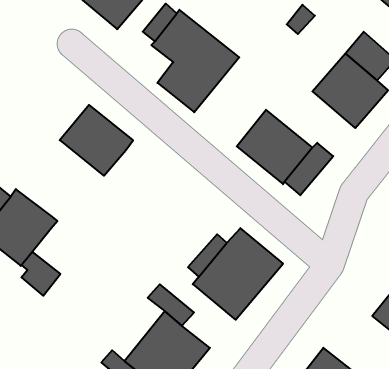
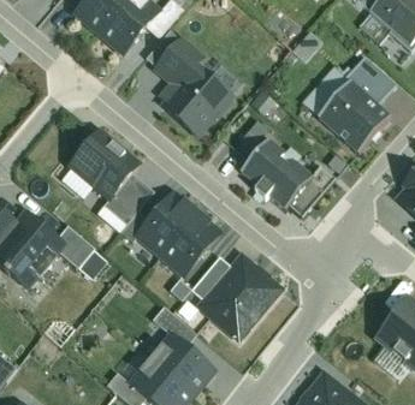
building: none -> [102,174,152,225]
building: none -> [134,191,220,278]
building: [21,252,60,296] -> [55,226,94,269]

